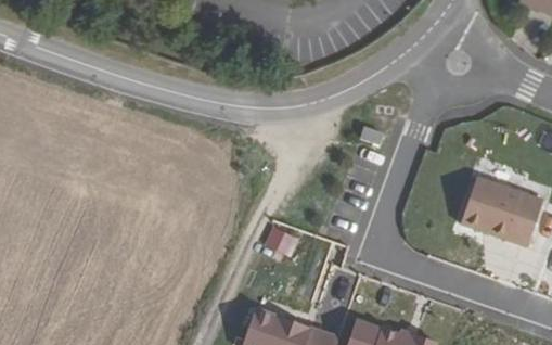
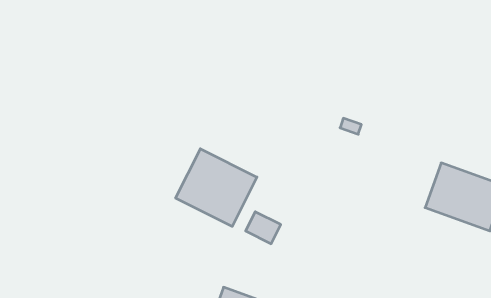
building: none -> [176,149,257,226]

